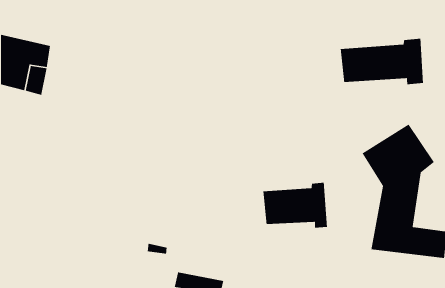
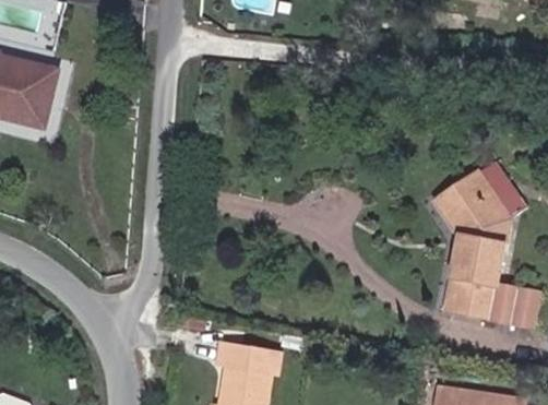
building: [340,38,424,85] -> none
building: [262,182,328,229] -> none

